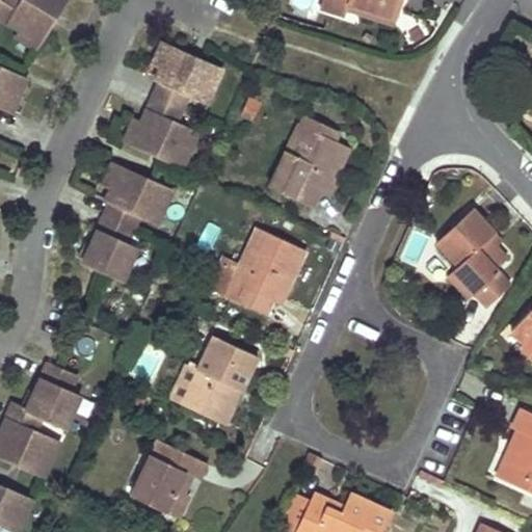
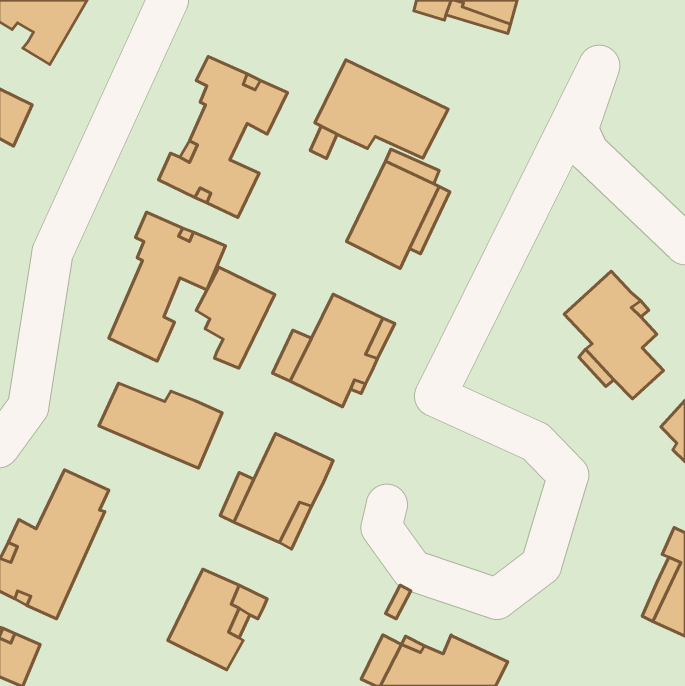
building: none -> [315,60,448,158]
building: none -> [196,267,275,368]
building: none -> [99,383,222,468]

